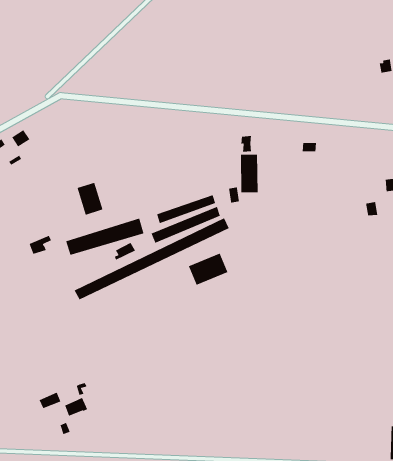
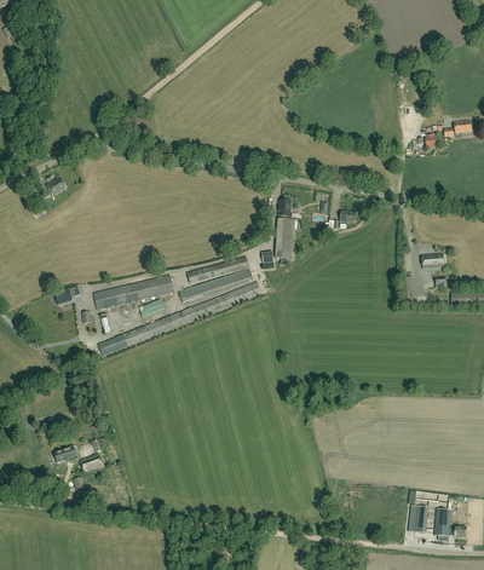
building: [77,182,104,216] -> none
building: [188,253,229,286] -> none

